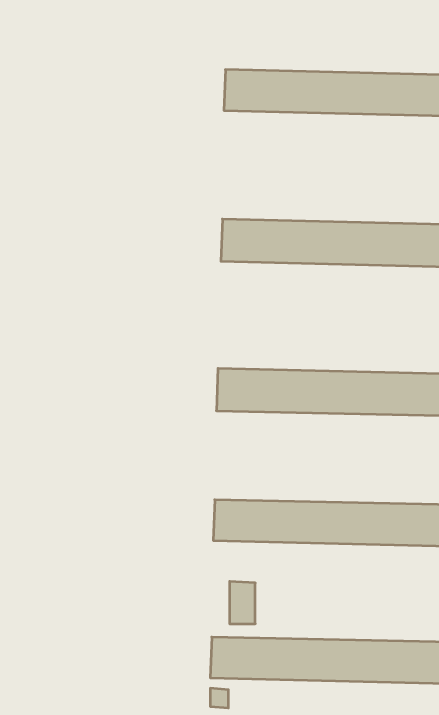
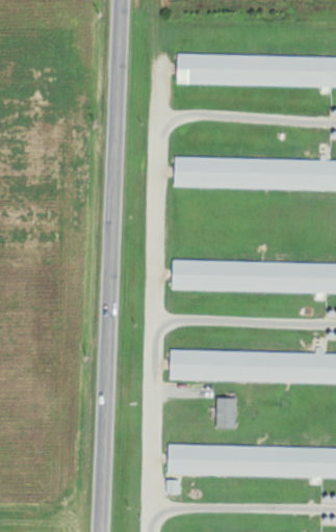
building: [230,581,255,624] -> [217,398,235,427]

